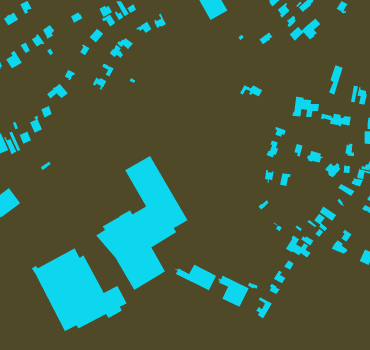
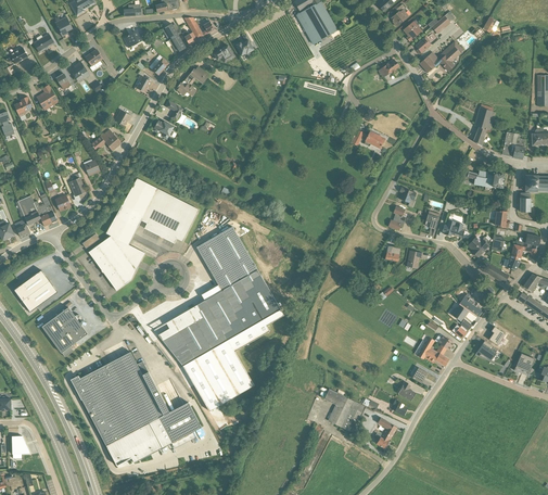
building: [292,96,319,118] -> none
building: none -> [89,178,199,290]
building: none -> [42,306,88,356]
building: [174,264,217,291] -> none

